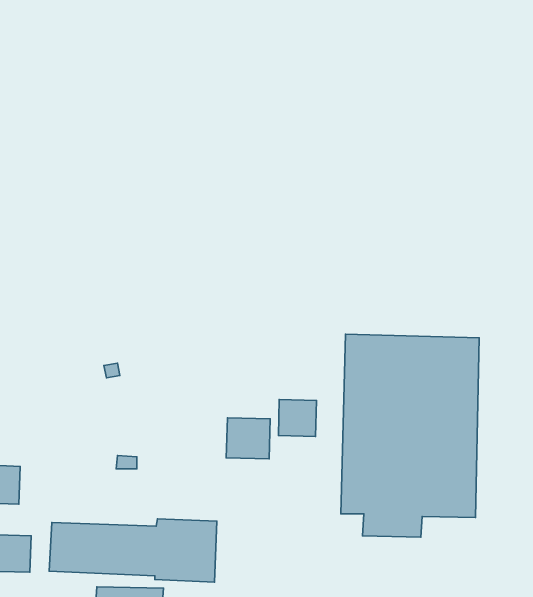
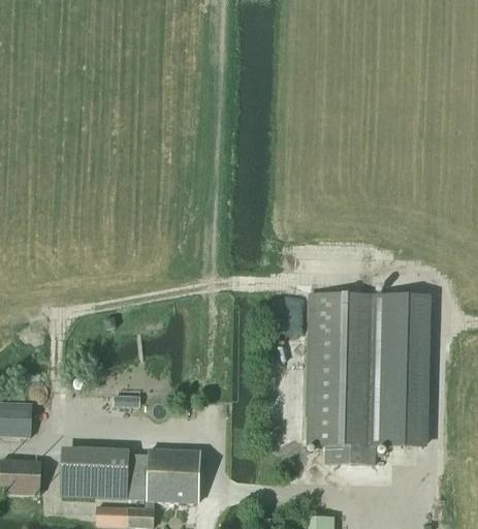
building: [279,400,316,436] -> none
building: [226,418,270,459] -> none

